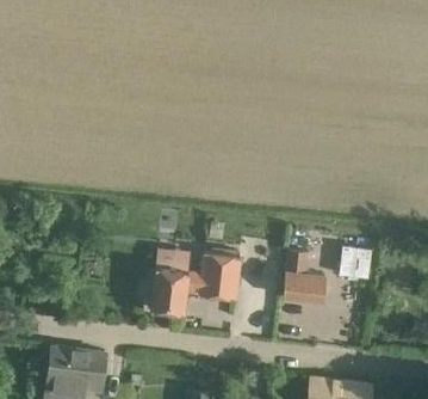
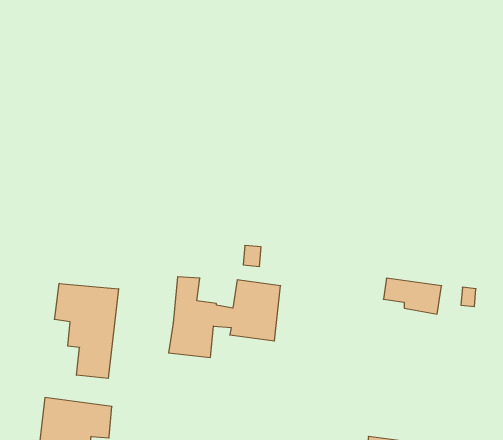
building: [284,251,324,302] -> none
building: none -> [54,283,119,378]

